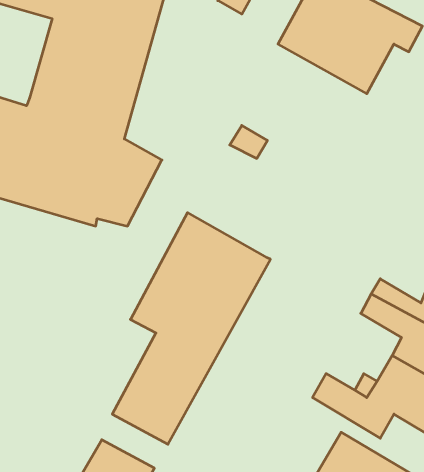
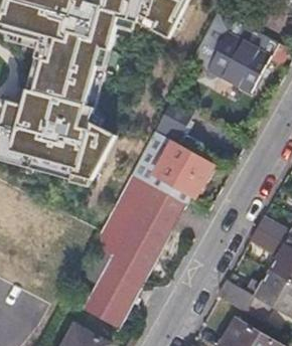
building: none -> [133,129,214,202]

